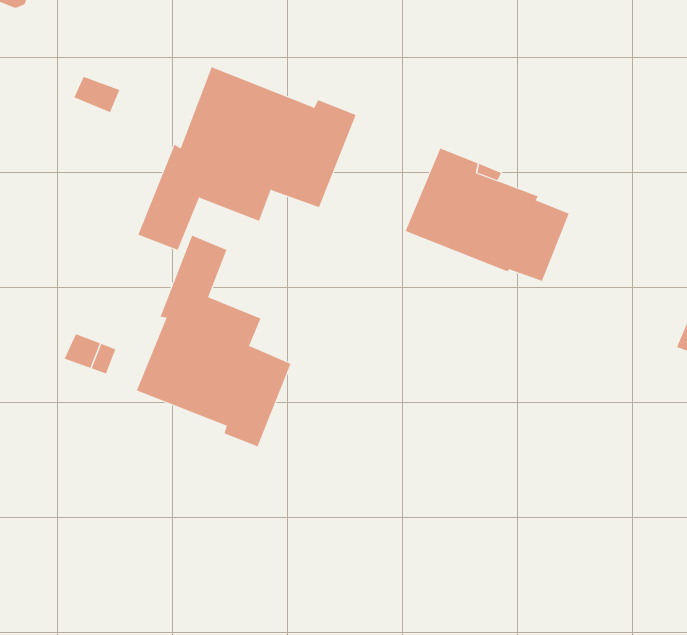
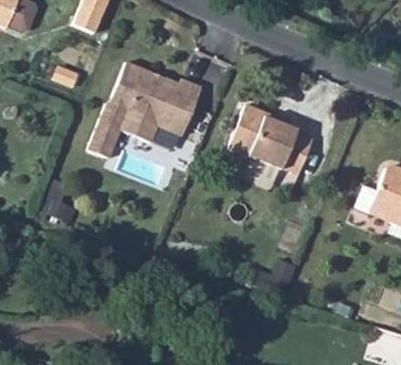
building: [136,235,291,447] -> none

